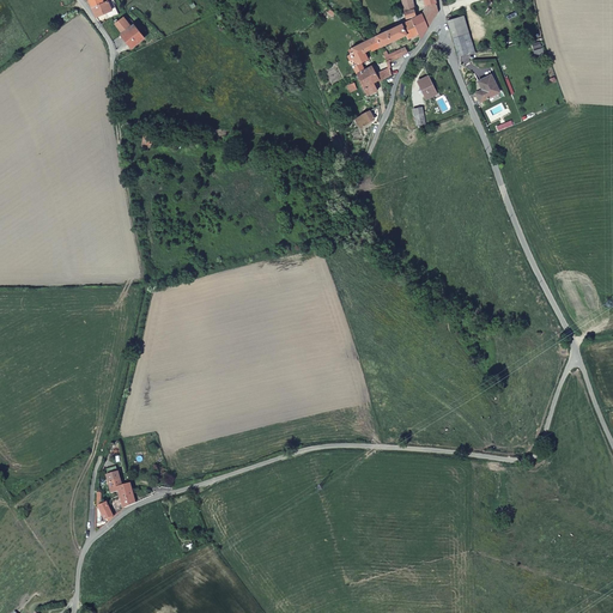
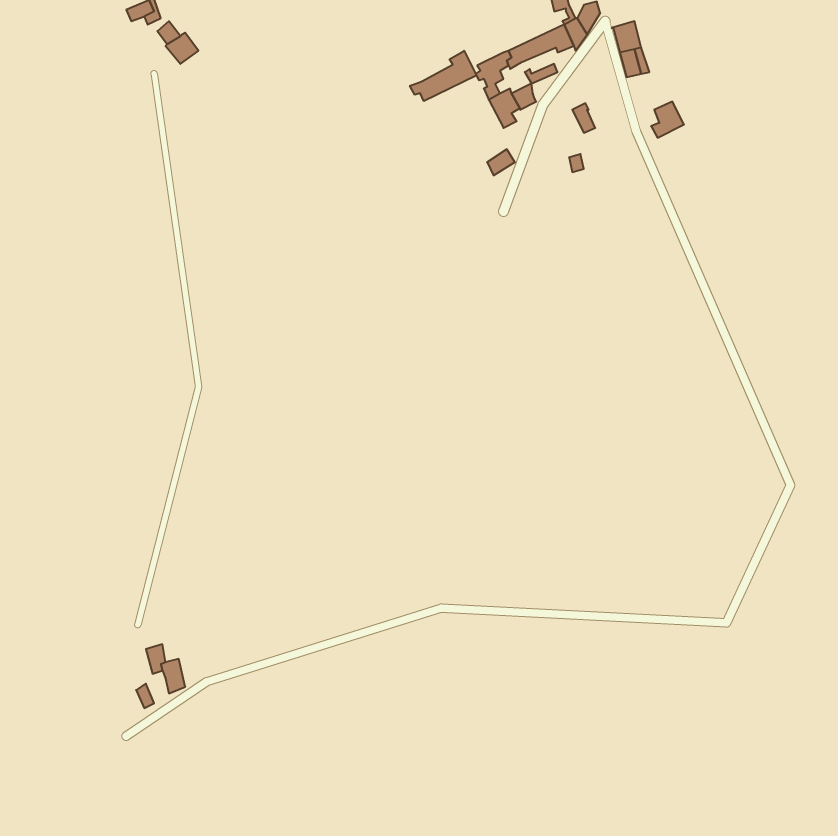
building: none -> [410,51,476,101]

